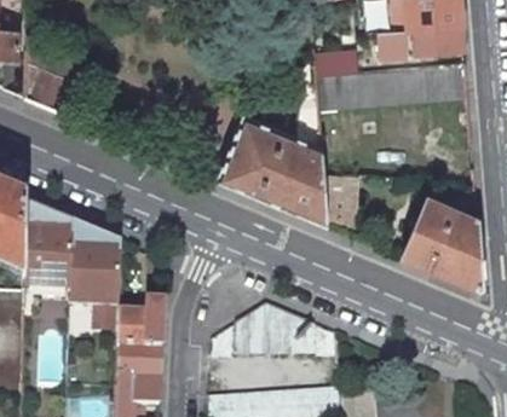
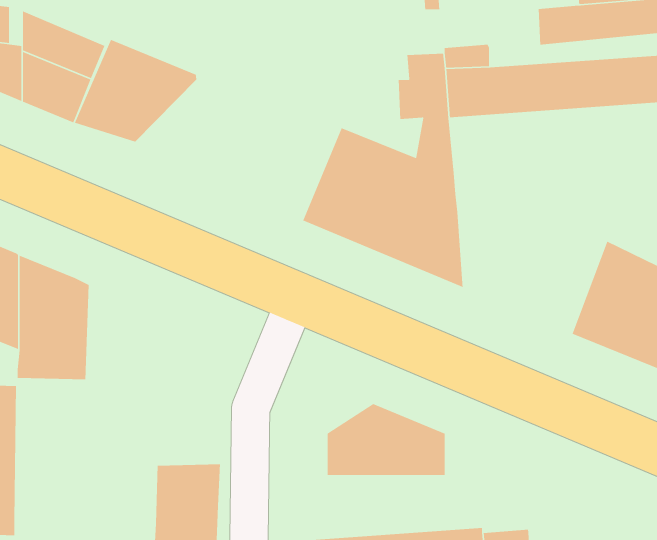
building: none -> [74,39,197,143]
building: [324,172,357,236] -> none
building: [69,221,123,305] -> none
building: [119,297,165,344] -> none

